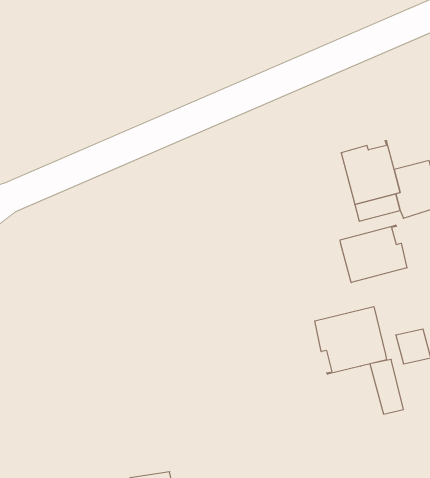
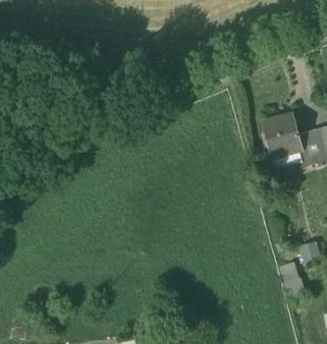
building: [340,225,407,283] -> none
building: [315,307,387,374] -> none

